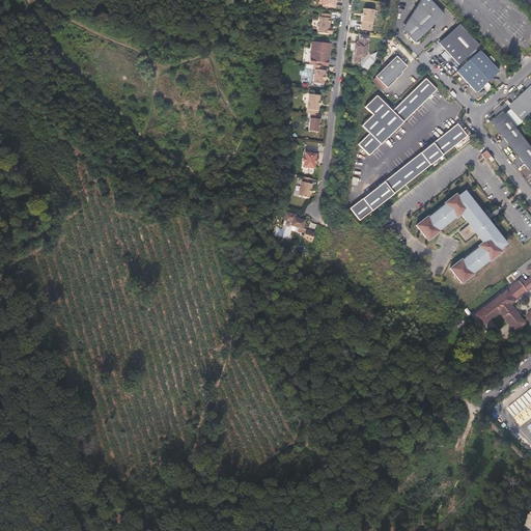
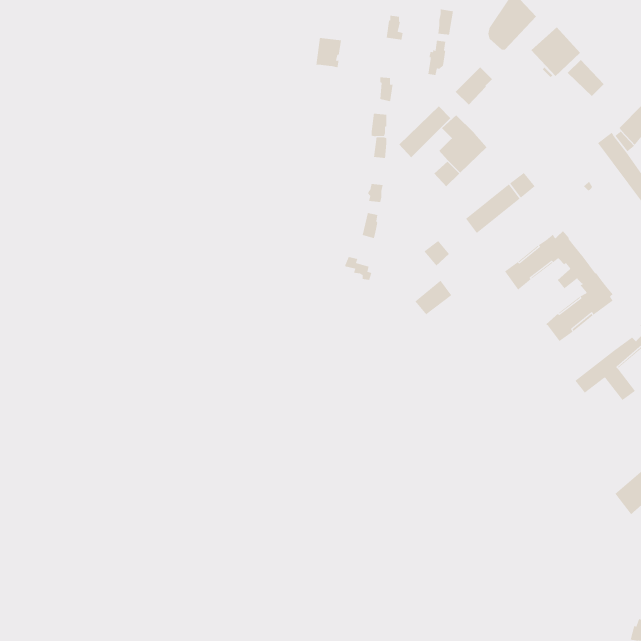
building: [310,40,332,65] -> [316,38,342,68]
building: [457,60,490,91] -> none
building: [393,78,437,121] -> [399,105,451,158]
building: [434,123,467,153] -> none
building: [363,180,394,209] -> [415,280,452,315]

